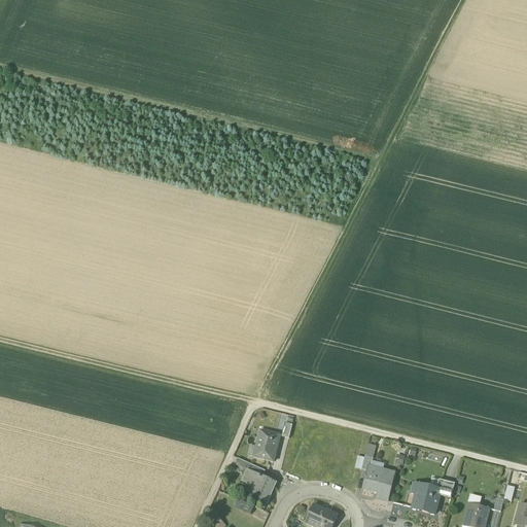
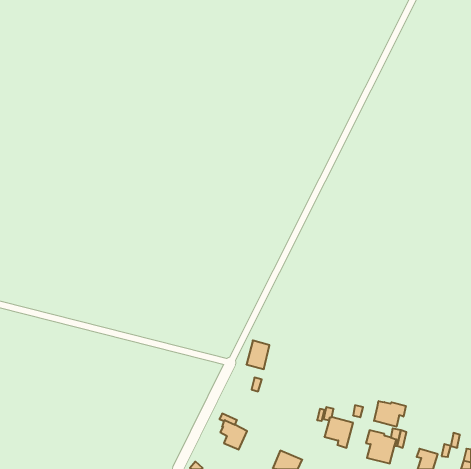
building: [253,428,279,460] -> [246,340,269,369]
building: none -> [374,401,406,427]

